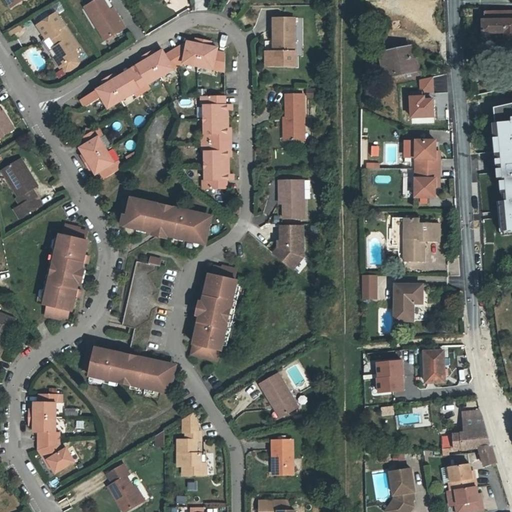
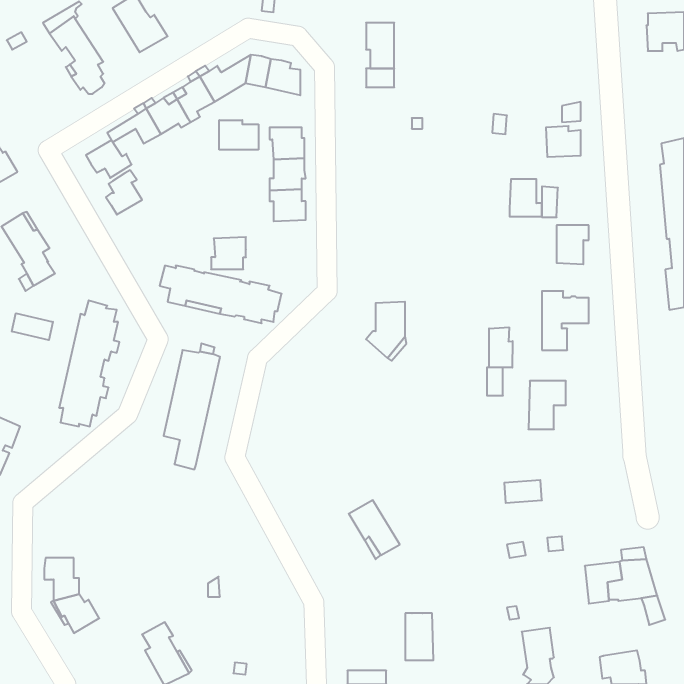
building: [380,47,414,76] -> none
building: none -> [219,120,258,150]
building: [283,93,303,140] -> none
building: [415,140,439,168] -> [510,179,542,217]
building: [87,149,121,177] -> [86,140,132,178]
building: [202,164,228,188] -> [211,237,246,269]
building: [279,179,304,218] -> none
building: none -> [12,313,53,340]
building: none -> [489,327,513,368]
building: [192,265,237,359] -> none
building: [83,346,173,390] -> none
building: [424,350,444,382] -> none
building: [376,373,405,391] -> none
building: [34,393,59,416] -> none
building: [177,412,206,474] -> none
building: [272,439,293,474] -> [405,613,433,660]
building: [448,463,475,489] -> none

